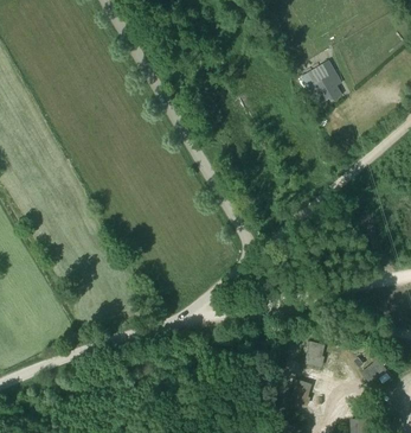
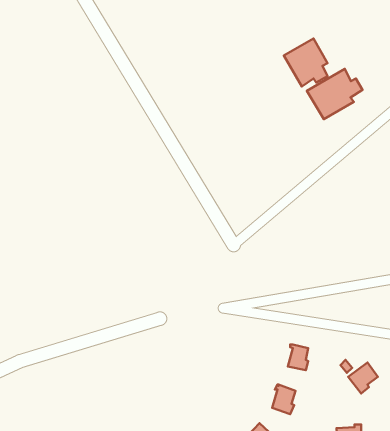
building: none -> [307,69,362,119]

